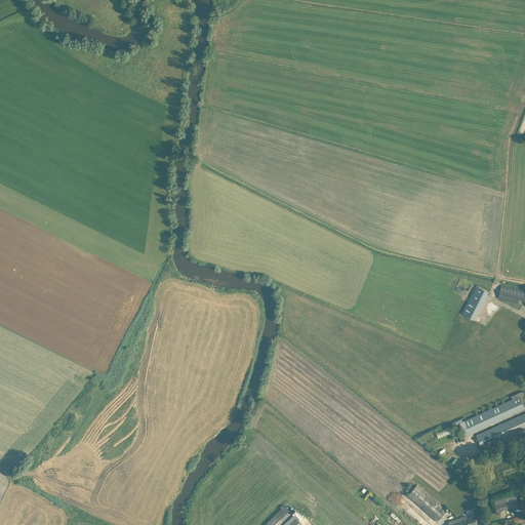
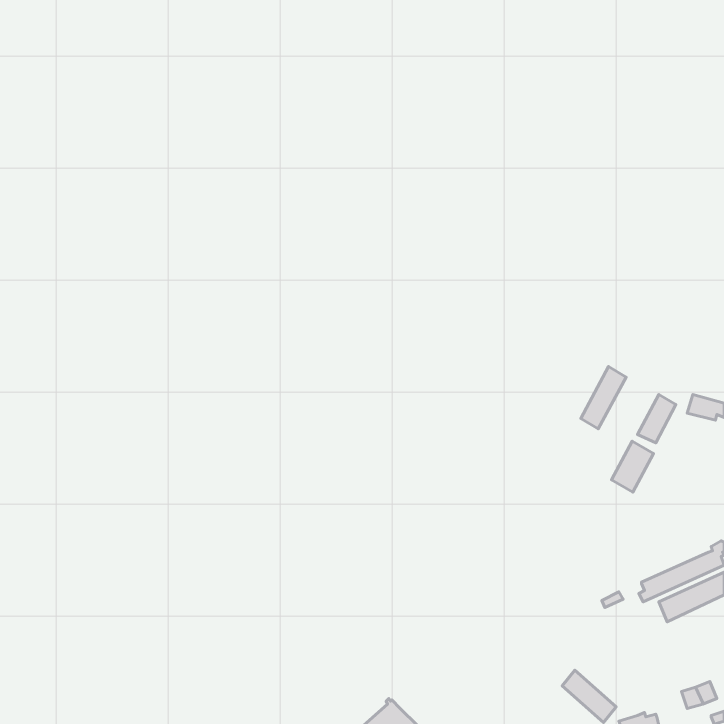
building: none -> [581,367,626,429]
building: none -> [612,441,654,492]

